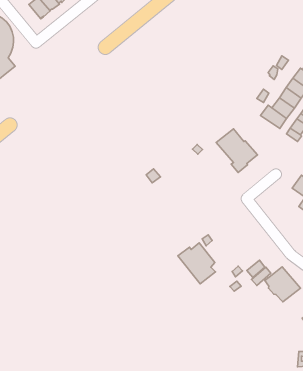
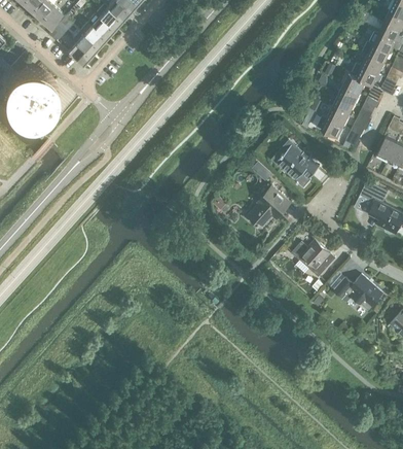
building: none -> [249,186,291,227]
building: [178,243,215,284] -> [292,236,332,277]

